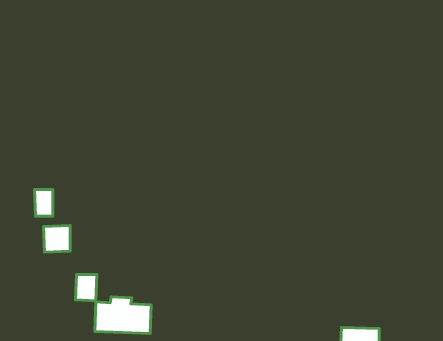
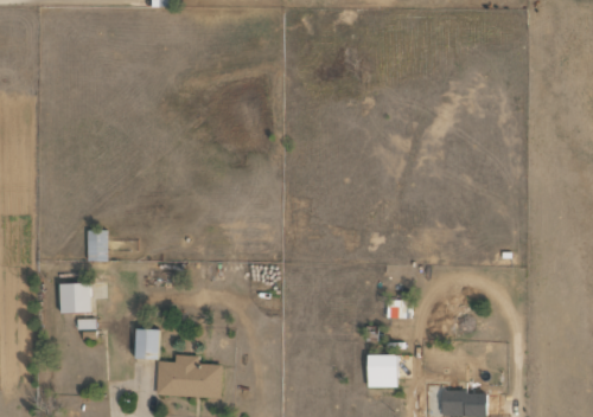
building: [44,226,70,252] -> [59,282,90,313]
building: none -> [366,354,396,387]

